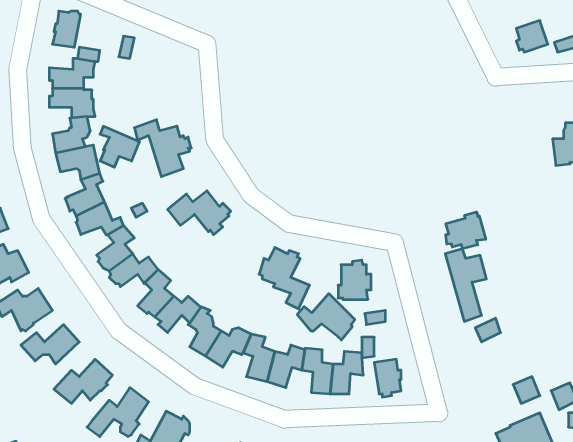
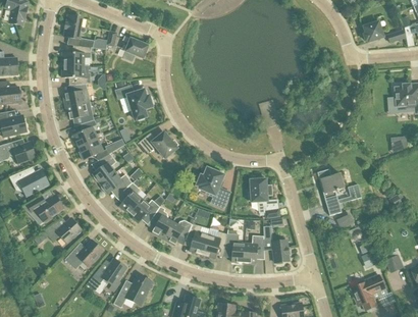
building: [100,126,140,167] -> [122,35,148,61]
building: [446,212,486,249] -> none
building: [297,294,355,340] -> none

